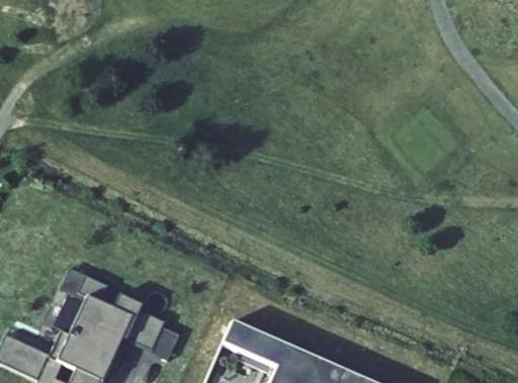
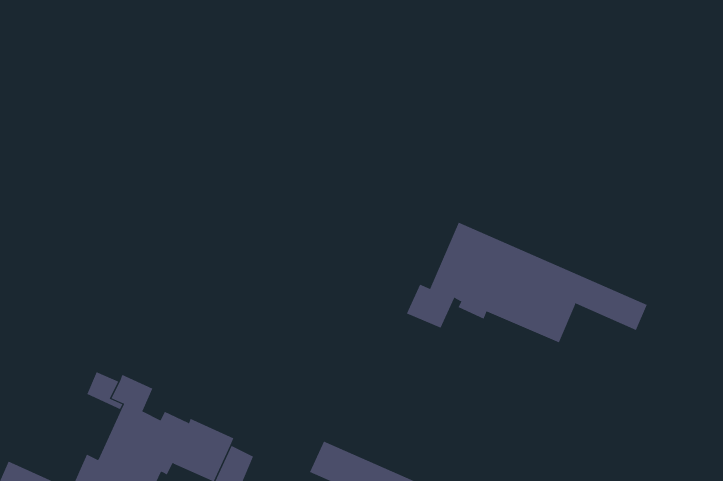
building: none -> [406,222,647,343]

